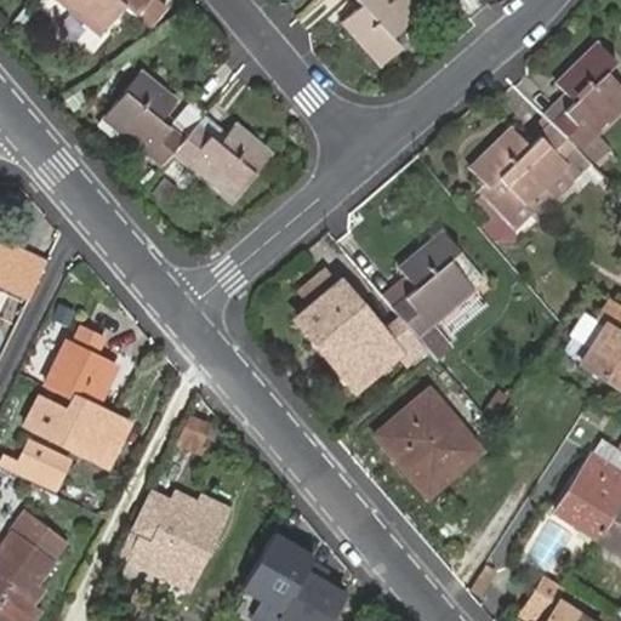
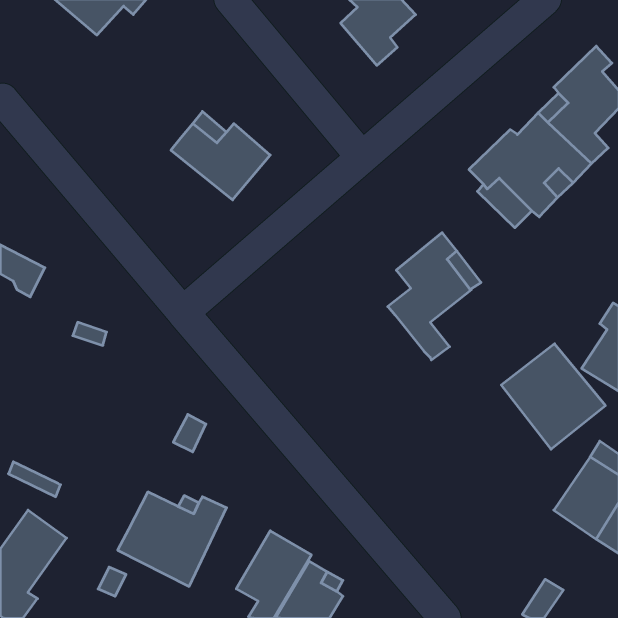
building: [102,72,182,165] -> none
building: [298,285,426,383] -> none
building: [27,340,131,465] -> none
building: [376,392,480,497] -> [501,344,605,449]
building: [19,441,70,484] -> none

